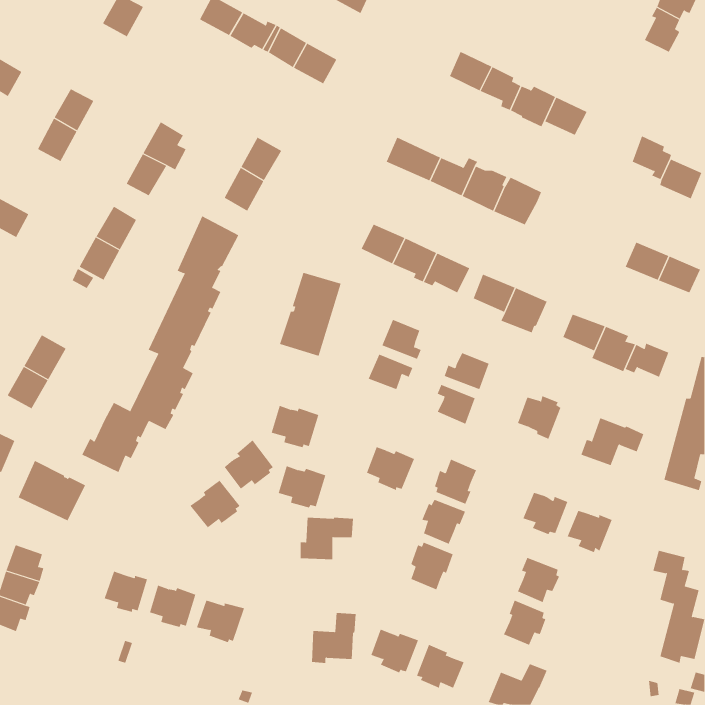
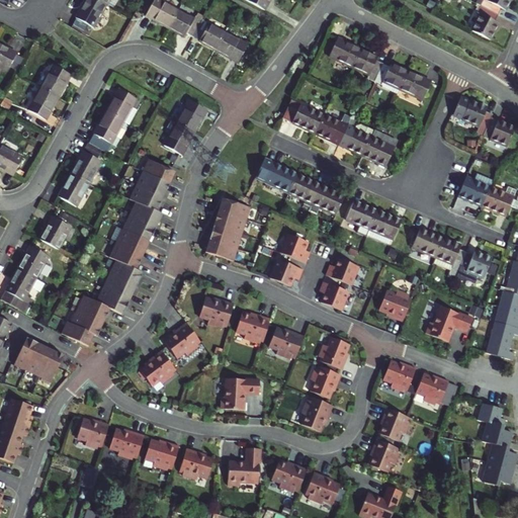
building: none -> [39,222,67,249]
building: [278,465,326,508] -> [235,312,270,343]
building: none -> [179,448,213,480]

